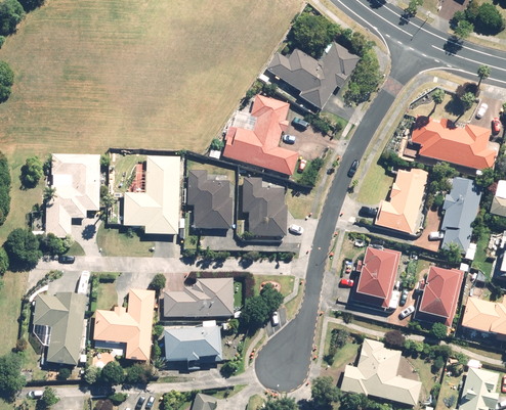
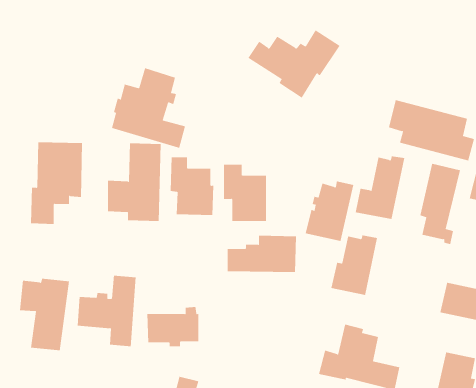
building: [222,94,298,176] -> [111,68,186,148]
building: [413,267,463,328] -> [305,181,354,242]
building: [164,278,235,316] -> [227,235,297,273]

